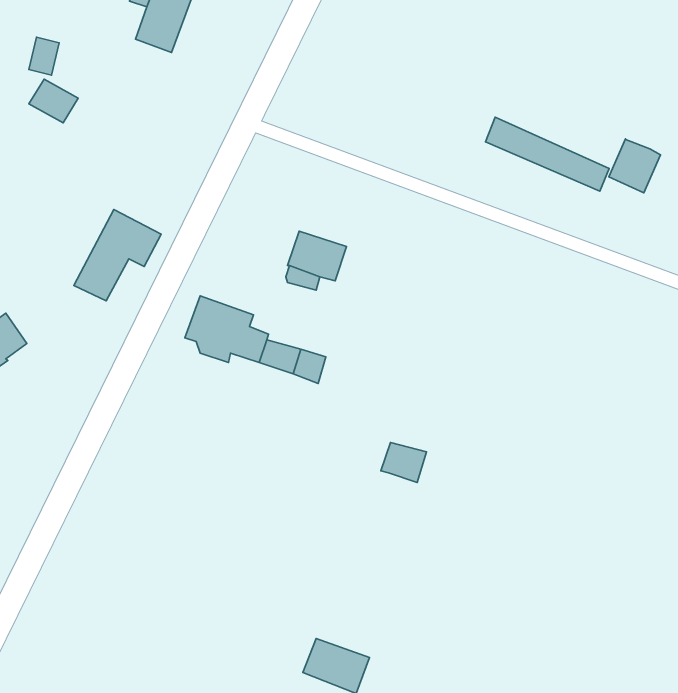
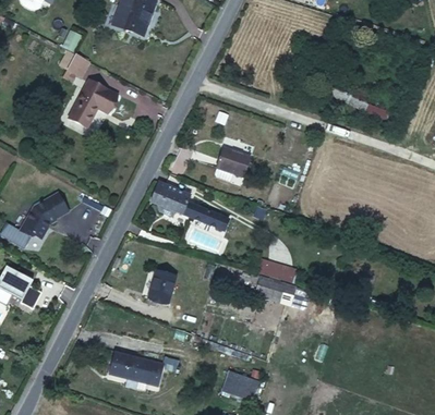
building: [609,139,660,193] -> none
building: [74,210,161,301] -> [67,84,117,136]
building: none -> [146,271,173,303]
building: none -> [110,352,161,387]

